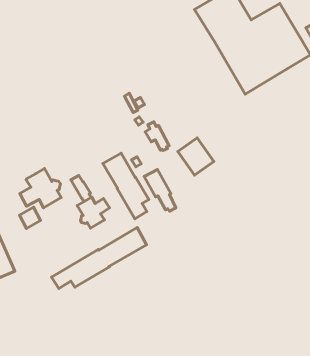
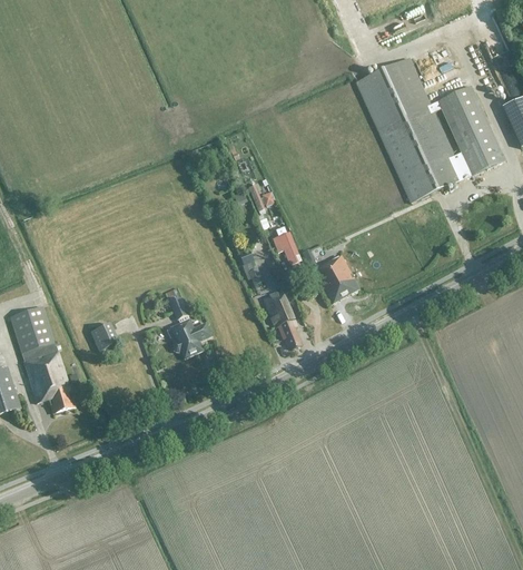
building: [103,153,149,219] -> none
building: [20,169,61,208] -> none
building: [52,228,146,288] -> none

